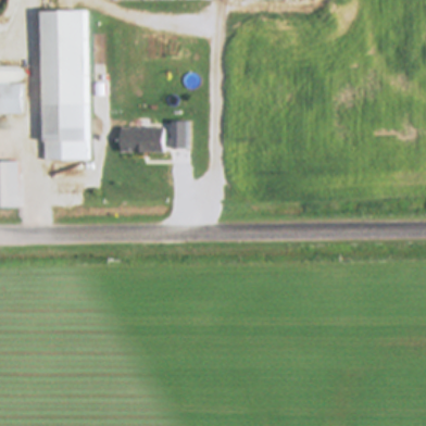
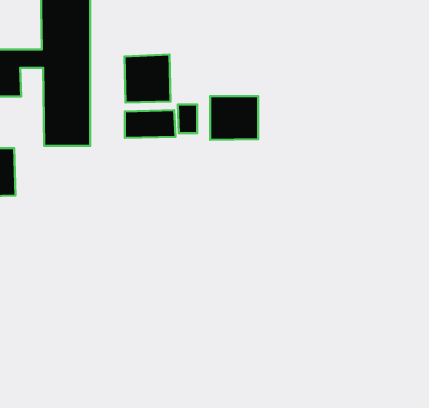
building: none -> [124,55,171,102]
building: none -> [210,96,258,140]

